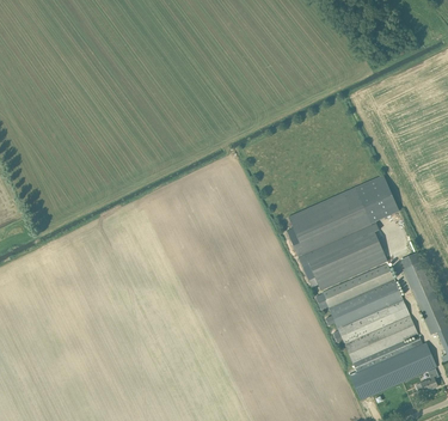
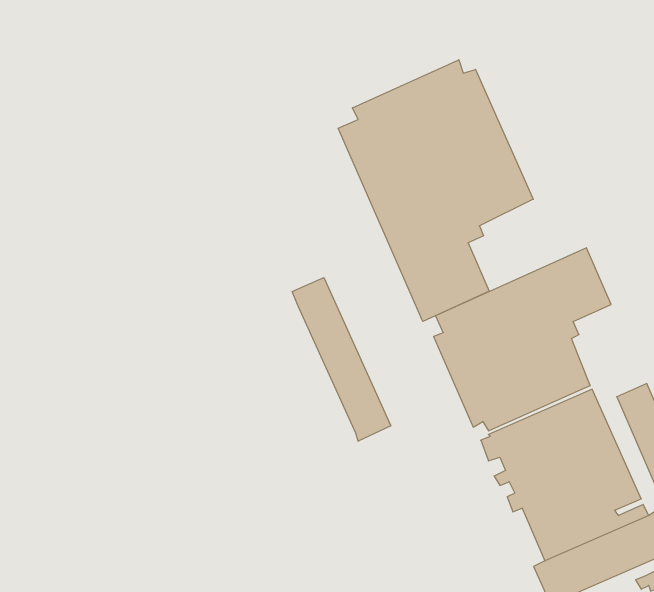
building: none -> [338,60,533,321]
building: none -> [292,278,391,441]

